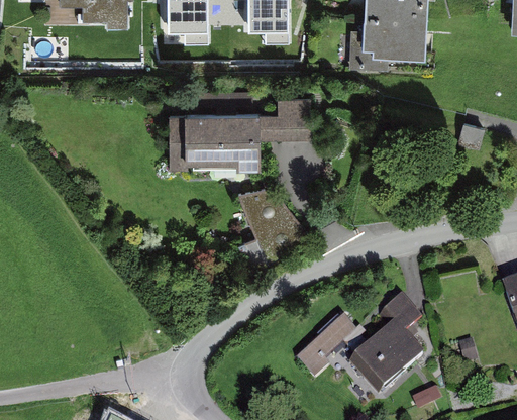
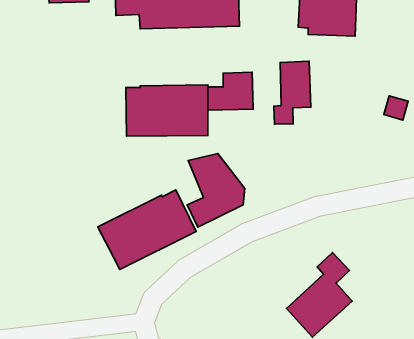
building: none -> [274,61,311,124]
building: none -> [98,190,196,270]
building: [294,316,354,380] -> none

